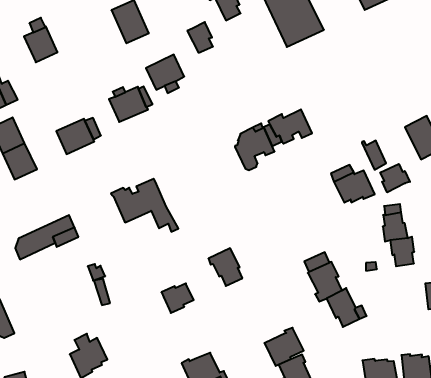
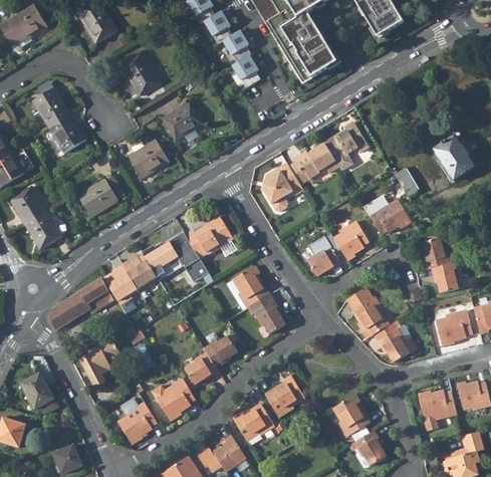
building: [187,22,213,53] -> [233,53,261,85]
building: none -> [48,113,85,152]
building: none -> [324,122,369,170]
building: [380,164,410,192] -> none
building: none -> [185,217,233,259]
building: none -> [333,221,369,260]
building: none -> [103,254,158,304]
building: none -> [307,244,340,276]
building: none -> [232,265,269,307]
building: none -> [80,337,119,387]
building: none -> [435,309,472,345]
building: none -> [185,352,219,385]
building: none -> [151,379,195,421]
building: [264,328,304,366] -> [264,376,305,417]

